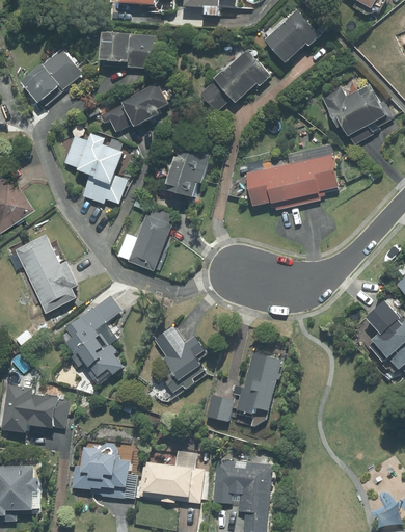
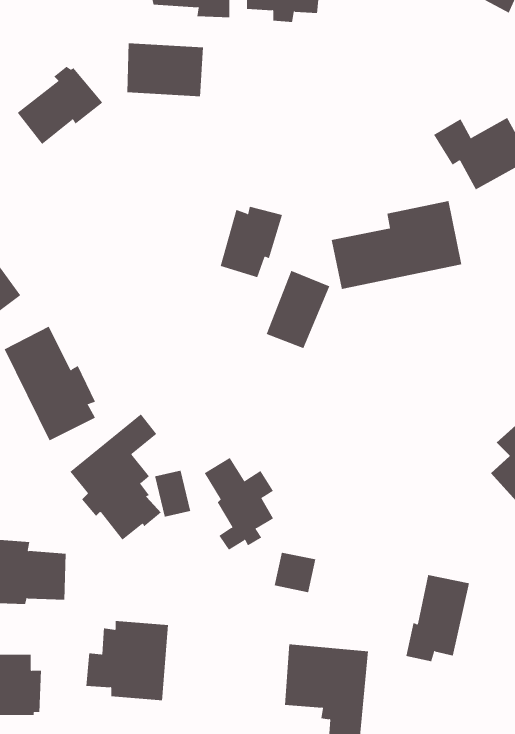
building: [264,9,321,63] -> none
building: [197,50,270,112] -> none
building: [107,82,170,132] -> none
building: [61,130,129,205] -> none
building: [126,215,171,271] -> [266,270,330,349]
building: none -> [155,470,191,518]
building: [235,353,280,416] -> [405,574,470,662]
building: [138,452,204,504] -> none

